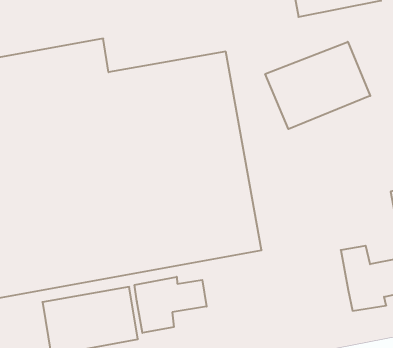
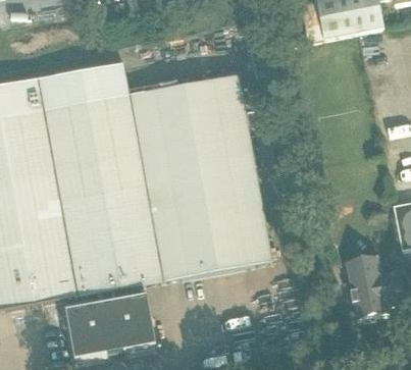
building: [265,42,370,129] -> none
building: [135,277,207,333] -> none

